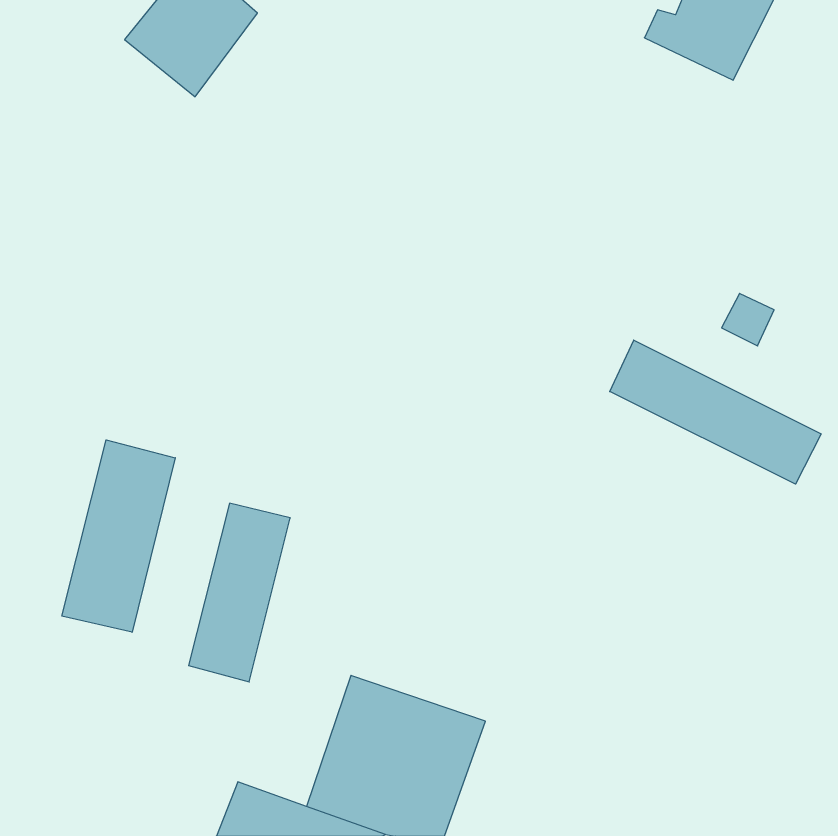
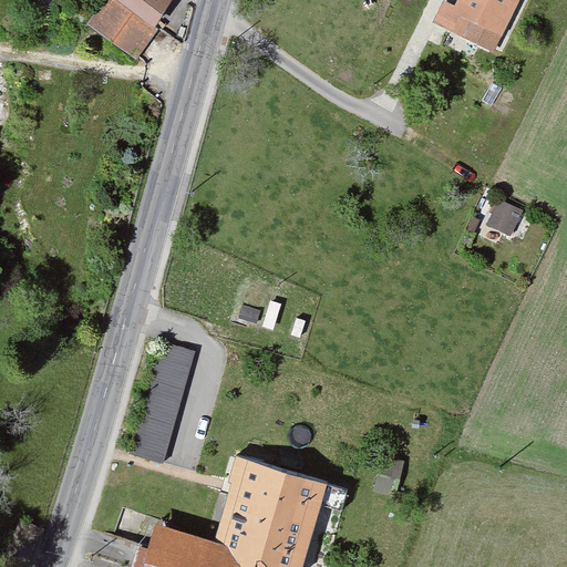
building: [610,340,821,484] -> none
building: [62,440,175,632] -> none

